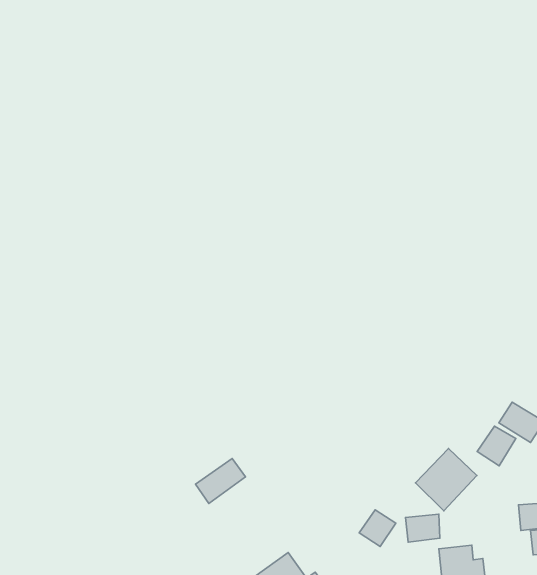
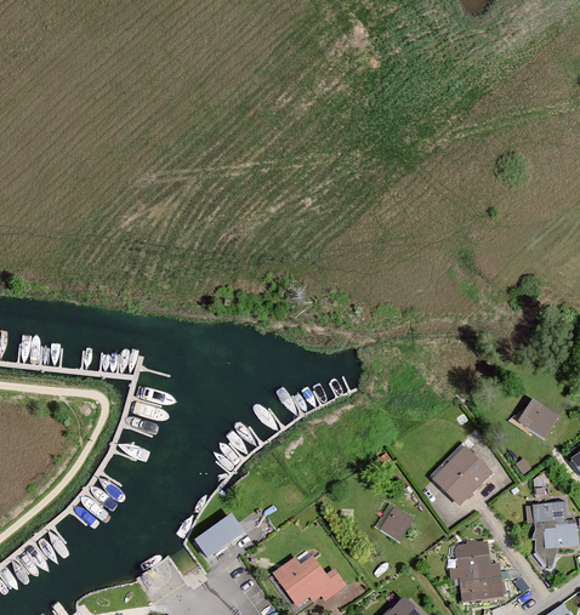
building: [477,426,516,466] -> none
building: [195,458,246,504] -> [195,516,245,560]
building: [406,514,440,542] -> none

